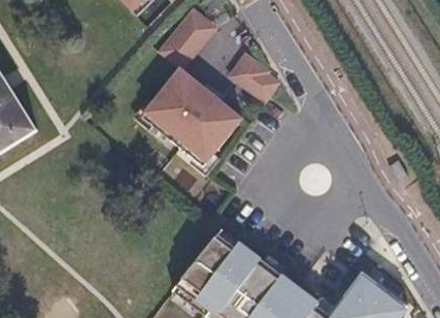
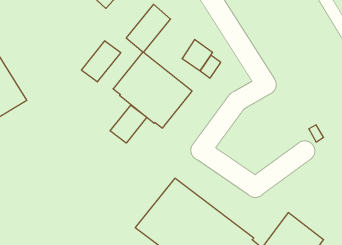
building: none -> [81,41,121,82]
building: none -> [110,105,147,143]

